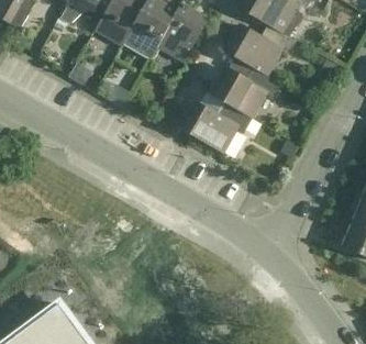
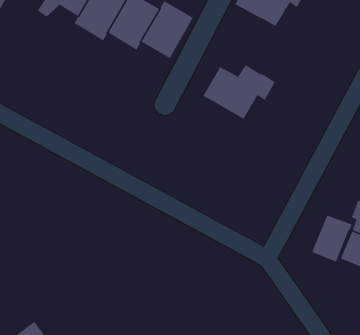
building: [230,24,297,75] -> none
building: [185,101,253,153] -> none
building: none -> [311,214,353,263]

